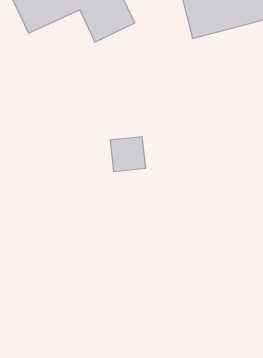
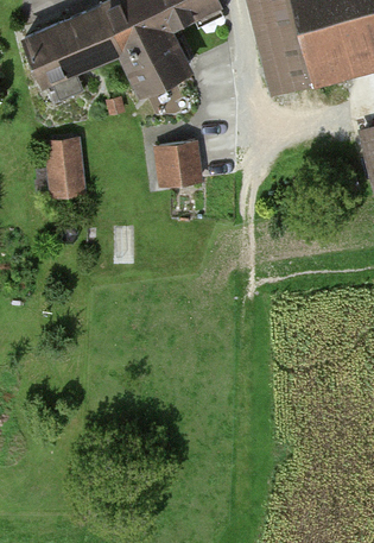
building: none -> [49,135,84,194]
building: [110,137,146,172] -> [156,138,204,185]

